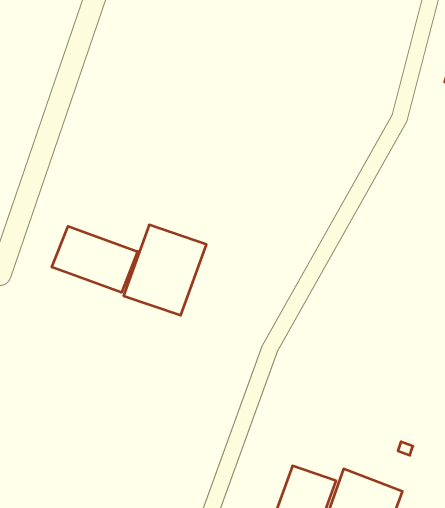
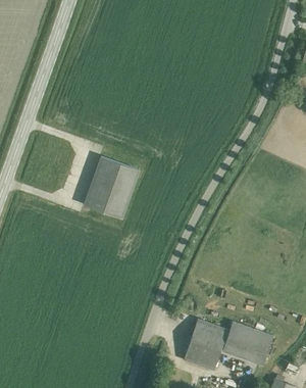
building: [52,226,138,292] -> none

